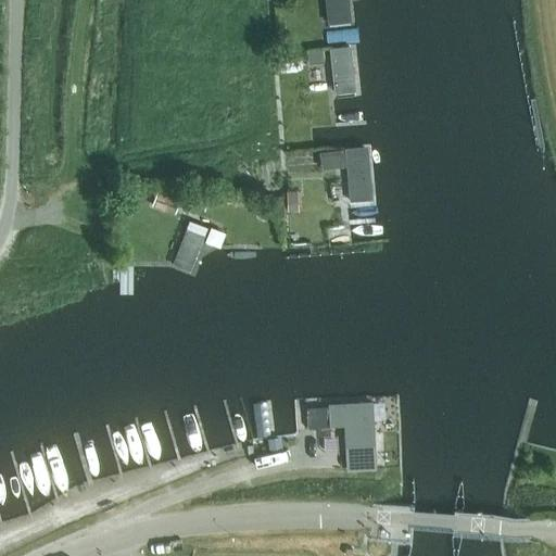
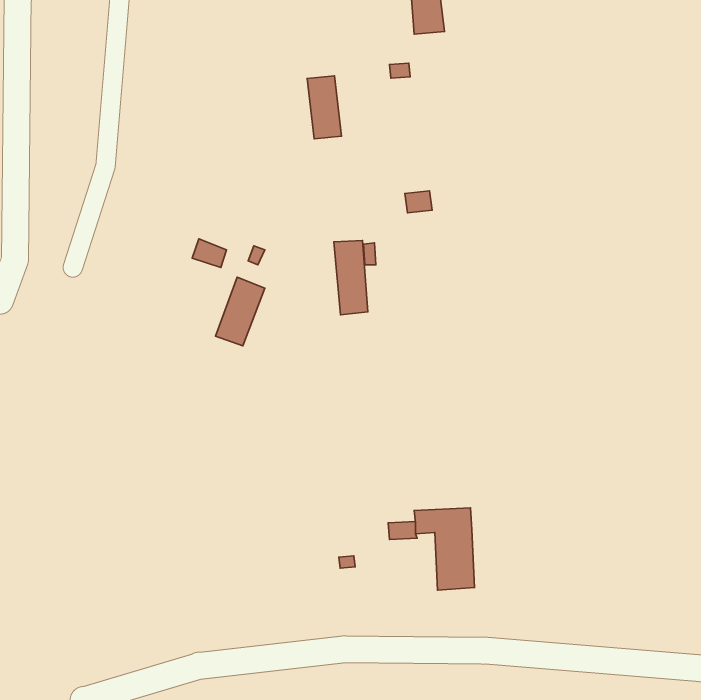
building: [330,47,357,97] -> [307,76,341,139]
building: [346,148,374,206] -> [334,241,368,315]

